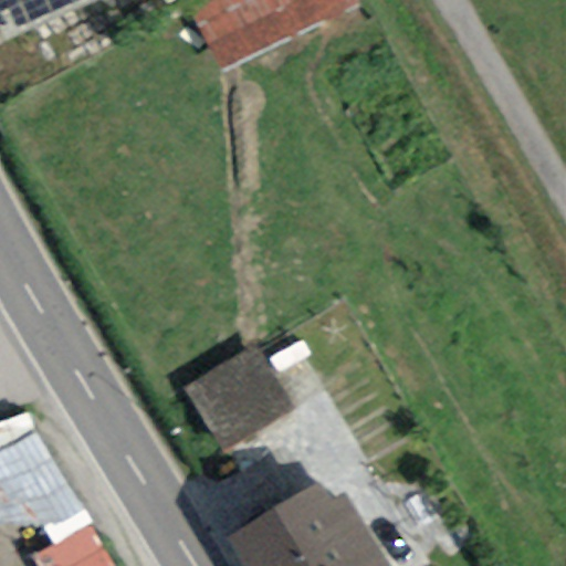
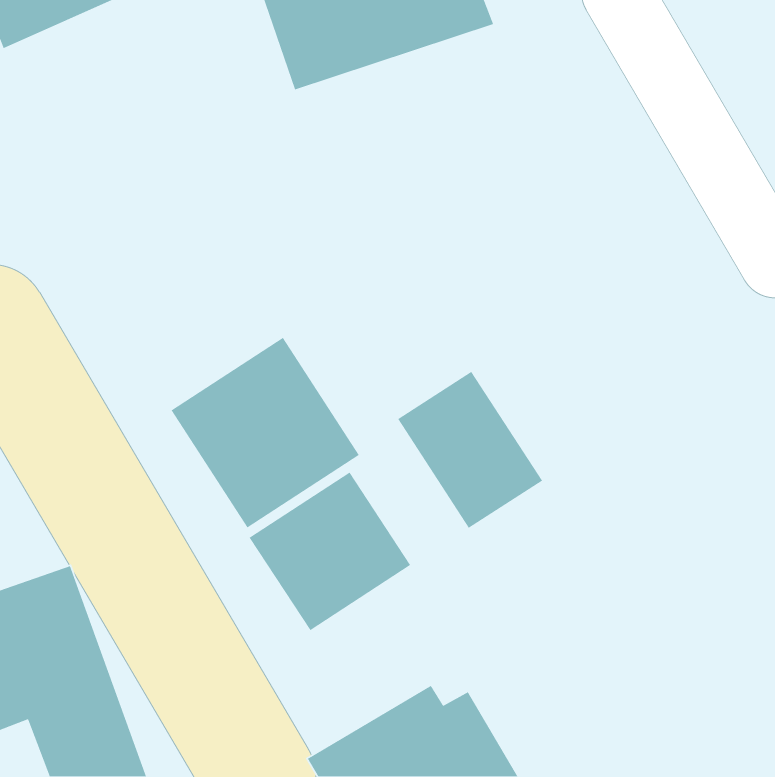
building: none -> [171,337,360,529]
building: none -> [397,371,543,529]

